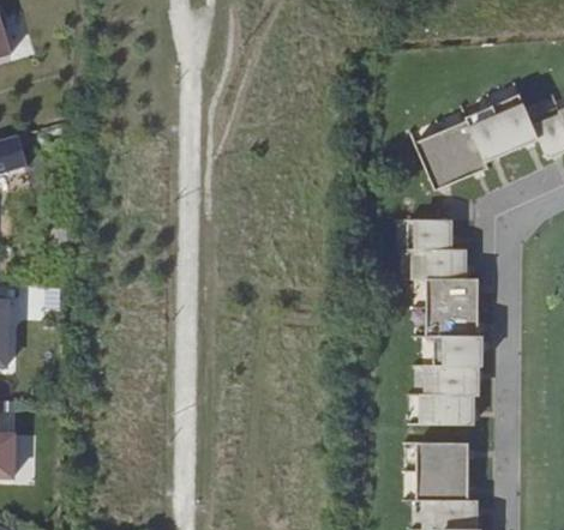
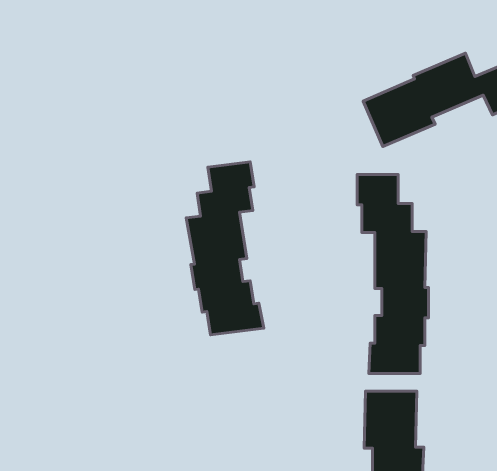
building: none -> [186,162,264,335]

